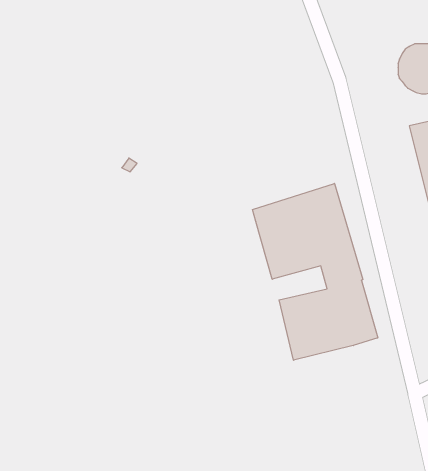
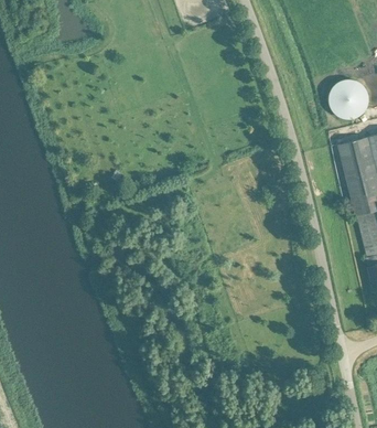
building: [252,183,378,360] -> none

